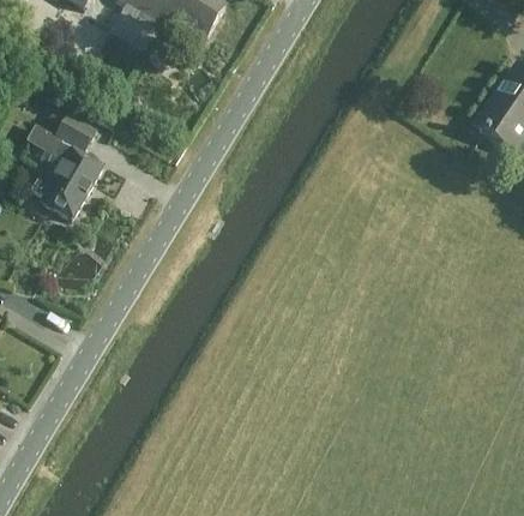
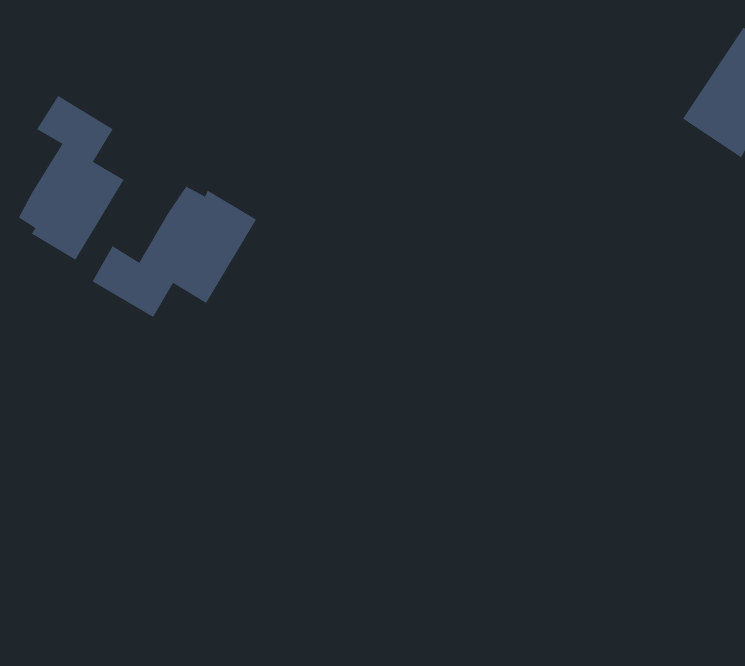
building: none -> [92,186,257,318]

